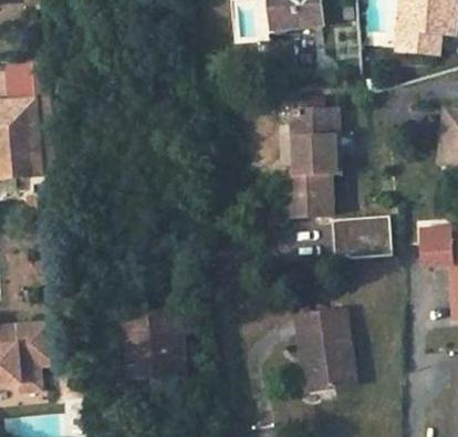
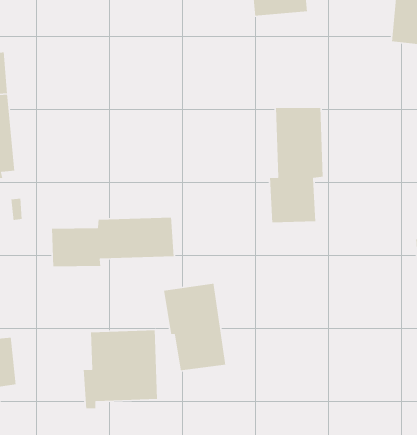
building: none -> [51,217,175,267]
building: [330,216,391,259] -> none
building: [296,310,354,391] -> [163,283,226,371]

